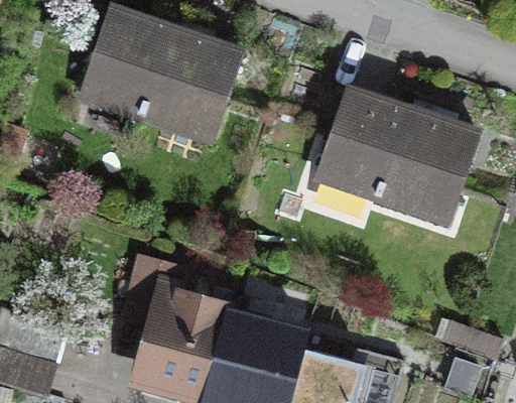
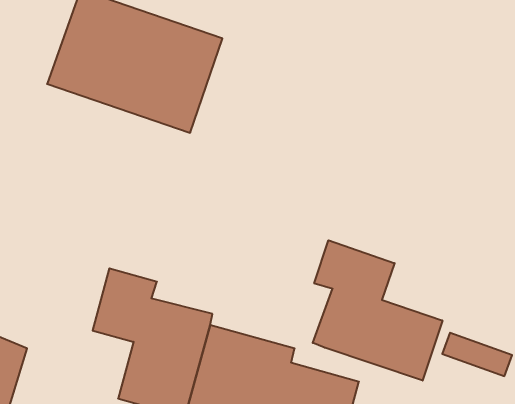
building: [315,90,477,223] -> none
building: none -> [313,240,442,381]

